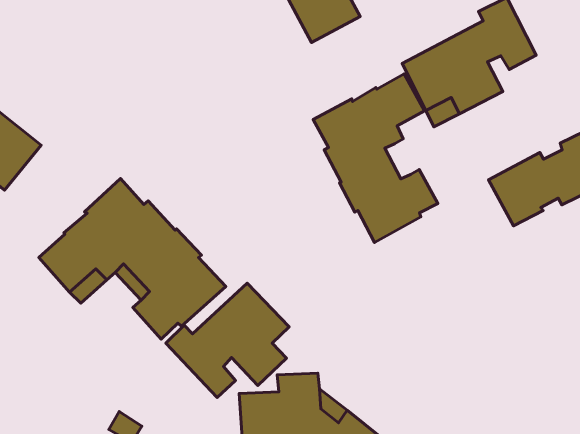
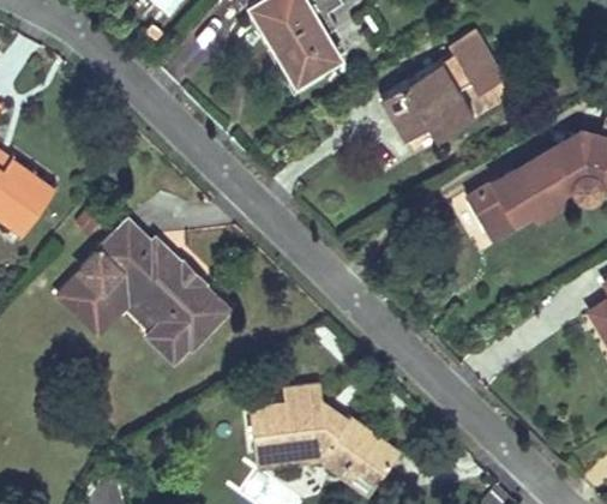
building: [313,74,438,243] -> none
building: [166,283,289,397] -> none

